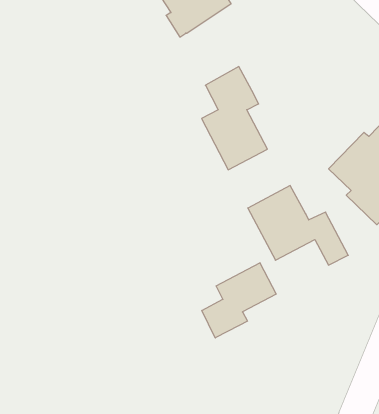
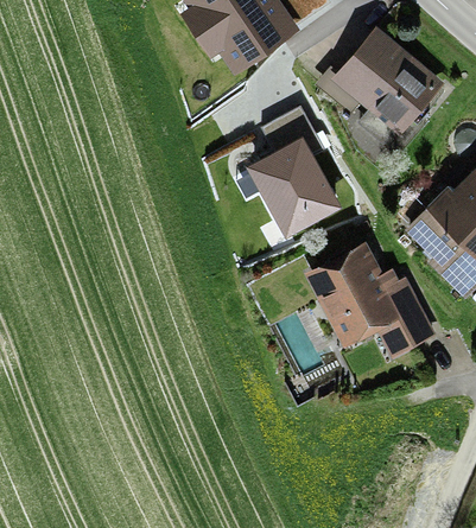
building: none -> [316,34,438,142]
building: [202,263,276,338] -> none

